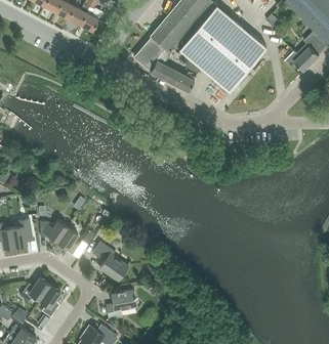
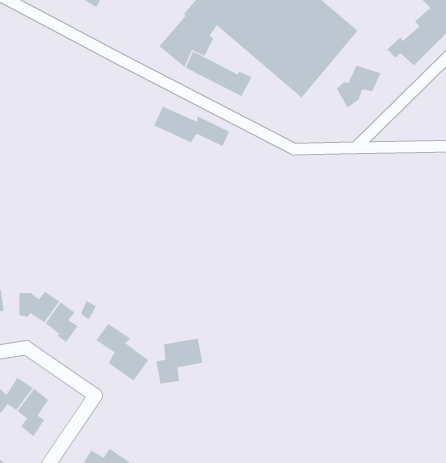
building: none -> [336,65,381,109]
building: none -> [153,106,230,147]
building: [106,290,137,320] -> [155,338,203,384]

